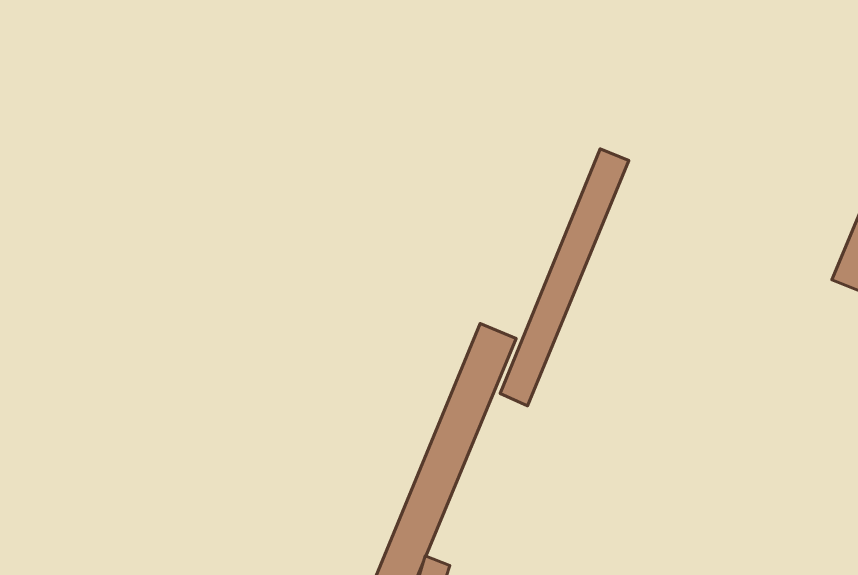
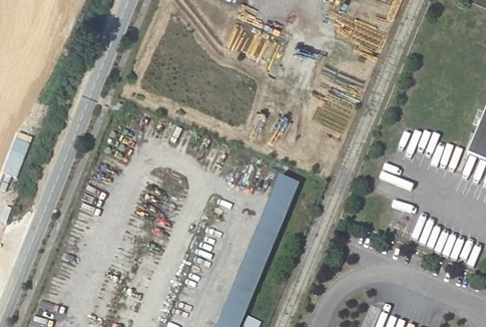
building: [500,149,629,406] -> none

